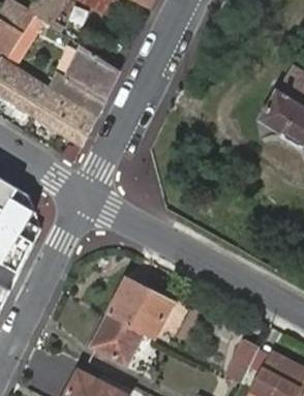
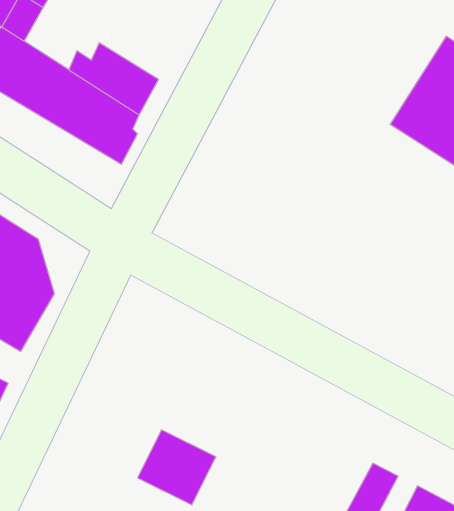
building: [66,45,116,91] -> none
building: [107,279,172,341] -> none

